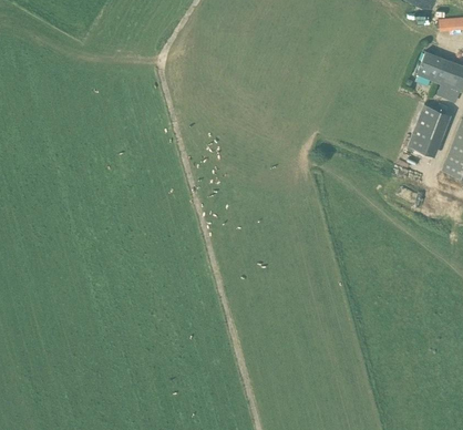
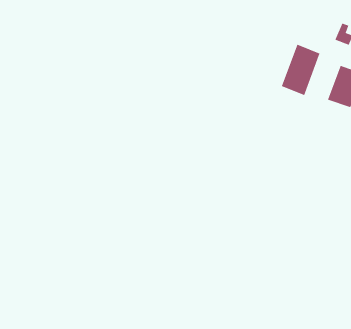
building: none -> [281,44,320,96]

